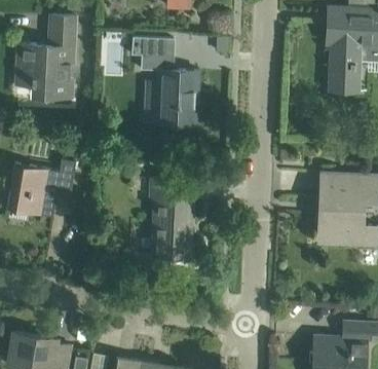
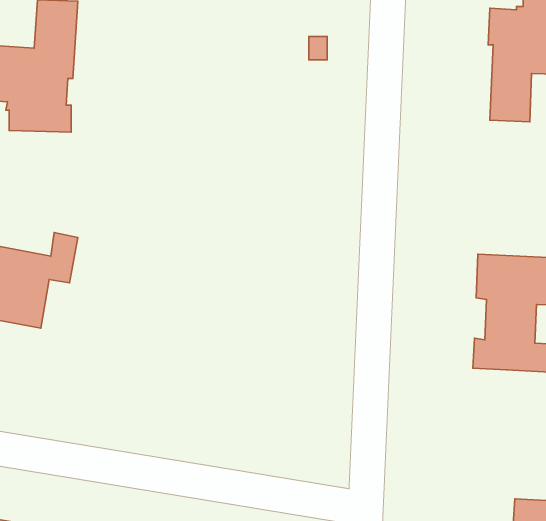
building: [131,39,197,125] -> none
building: [150,180,192,260] -> none

